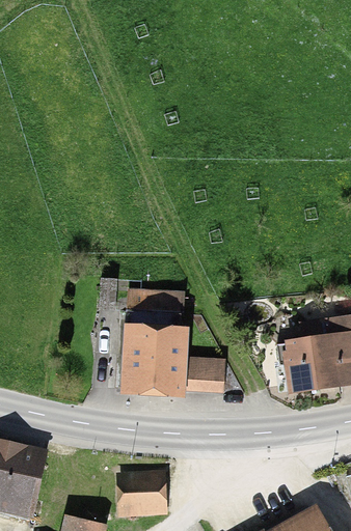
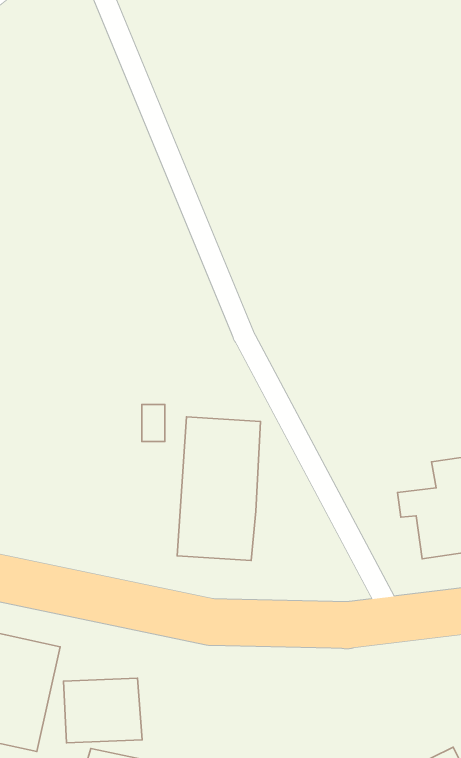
building: [178,358,222,395] -> none
building: [113,472,166,515] -> [63,678,142,743]

